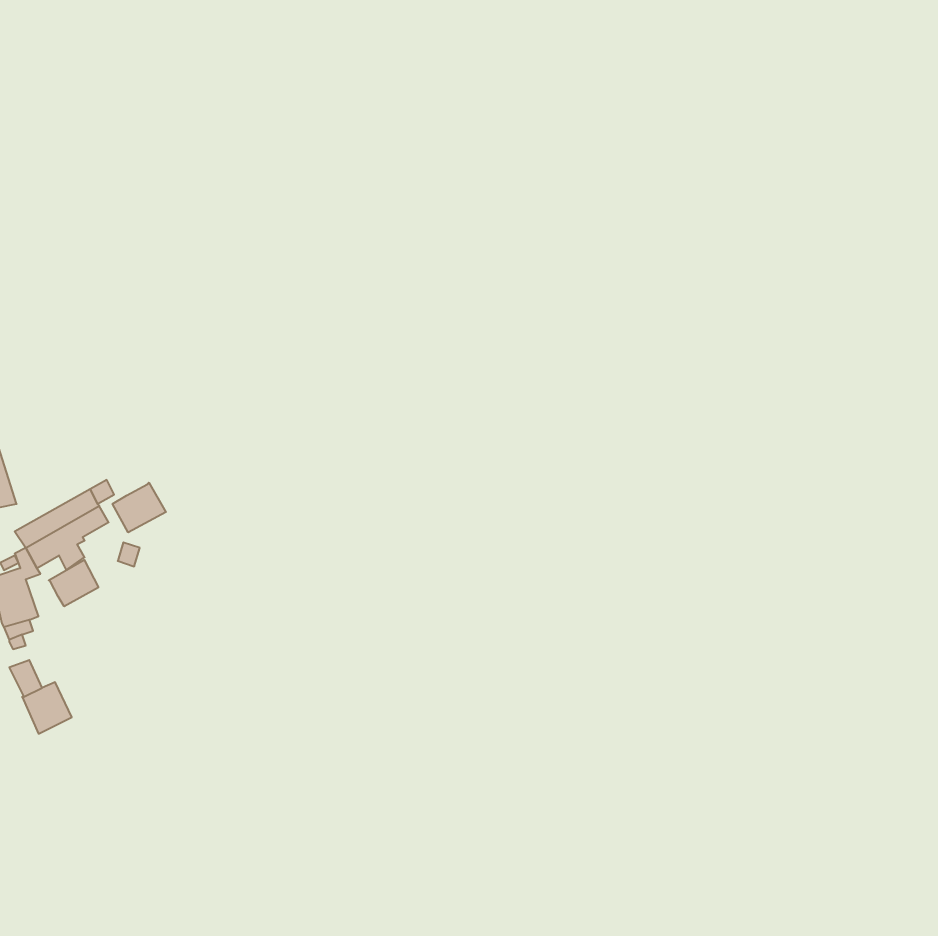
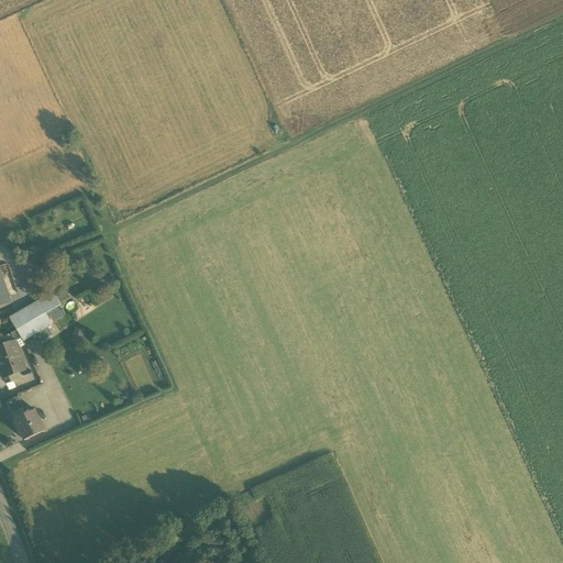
building: [113,483,166,532] -> none
building: [49,560,98,606] -> none

